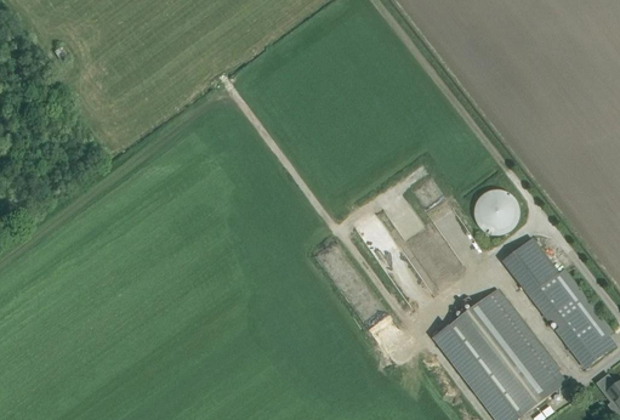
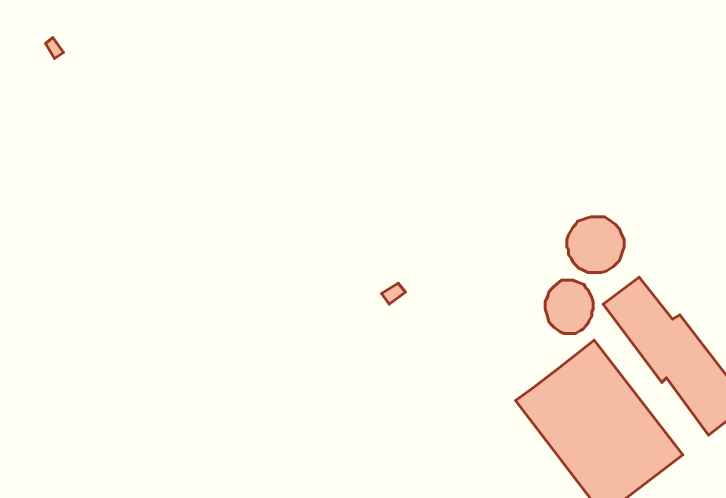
building: none -> [545,280,593,333]

